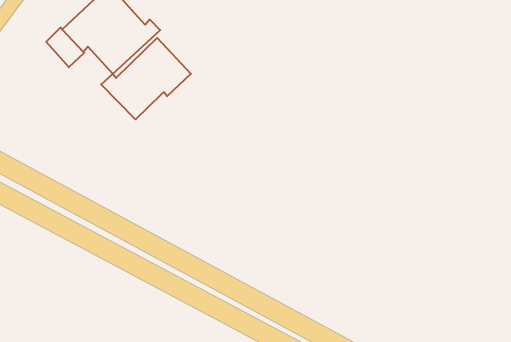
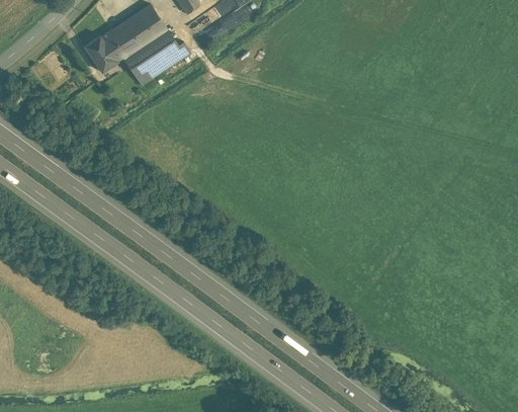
building: [101,38,191,119] -> none

